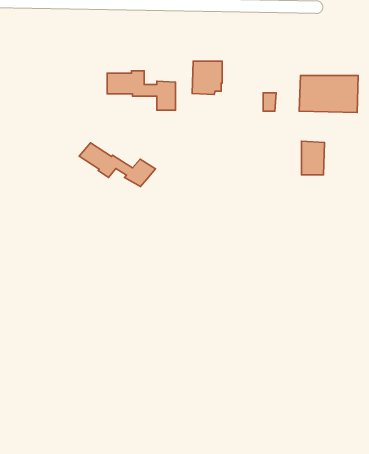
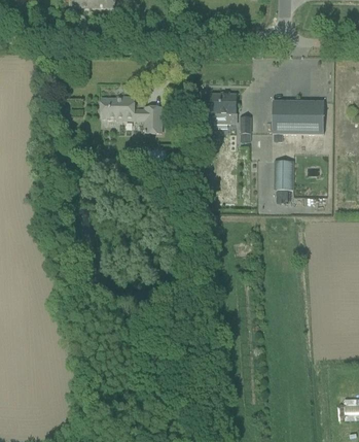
building: [192,61,222,95] -> [211,94,238,124]
building: [79,143,155,187] -> none

